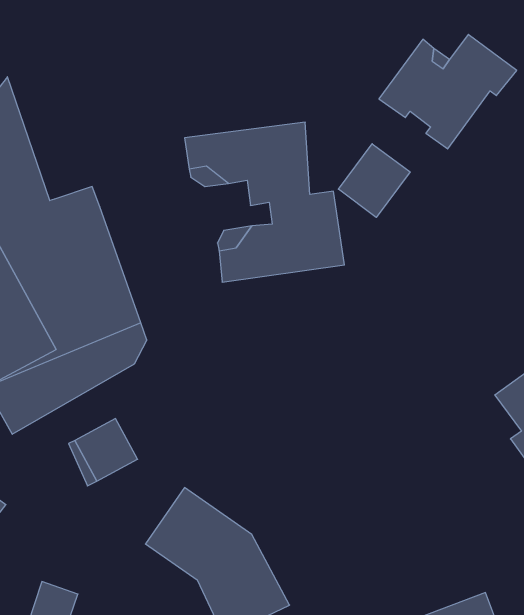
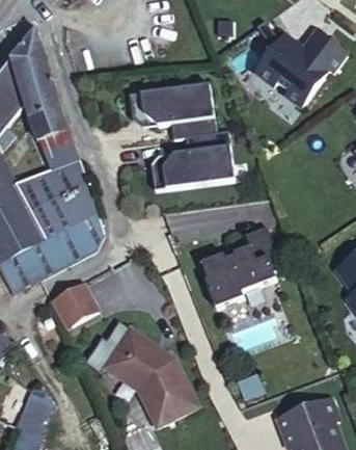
building: none -> [11,26,67,138]
building: [338,144,410,217] -> none
building: none -> [199,228,279,310]

